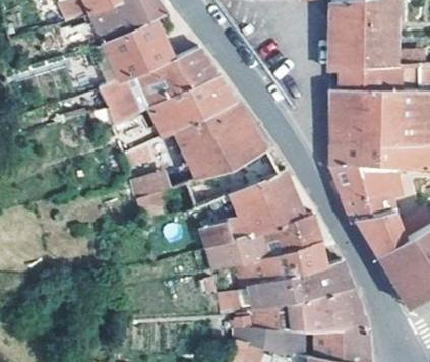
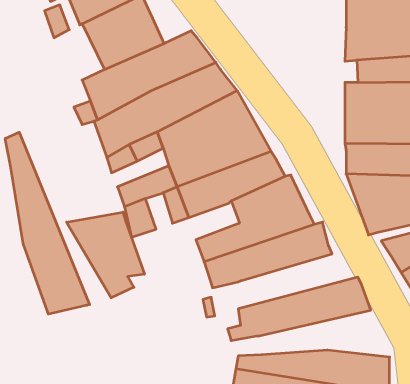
building: none -> [5,132,90,314]
building: none -> [67,212,144,298]
building: [232,238,326,288] -> none
building: [254,287,369,327] -> none

